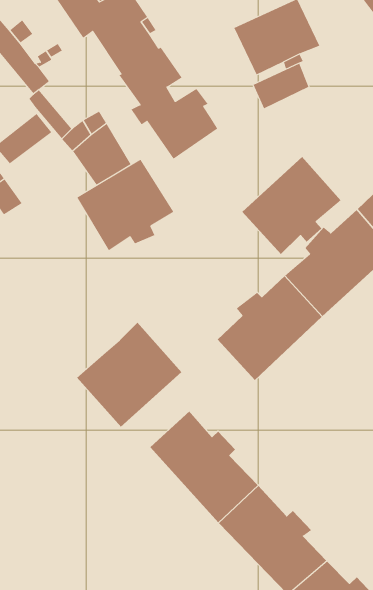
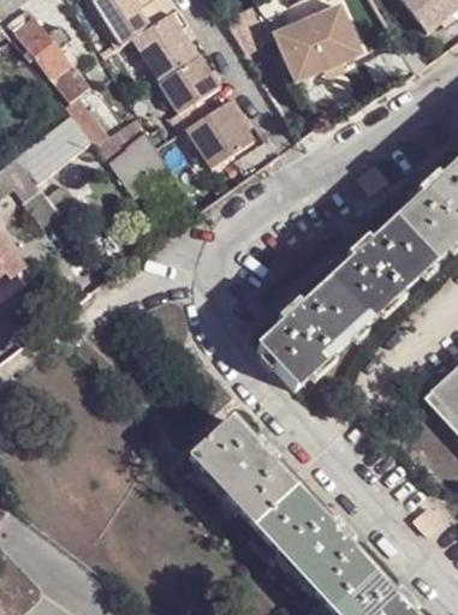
building: [253,63,309,109] -> none
building: [241,156,342,255] -> none
building: [76,159,174,251] -> none
building: [76,322,182,428] -> none

